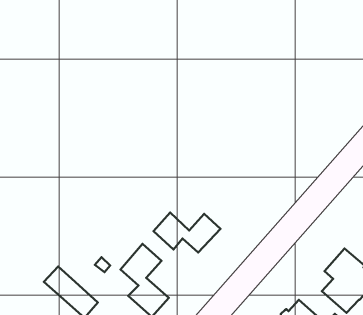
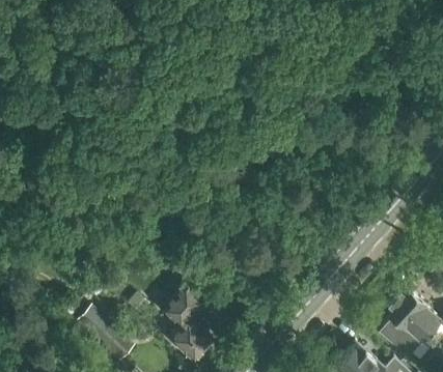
building: [153,213,221,252] -> none

